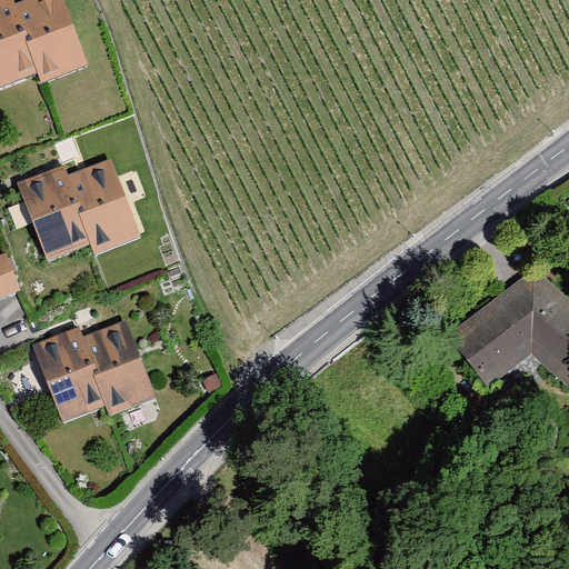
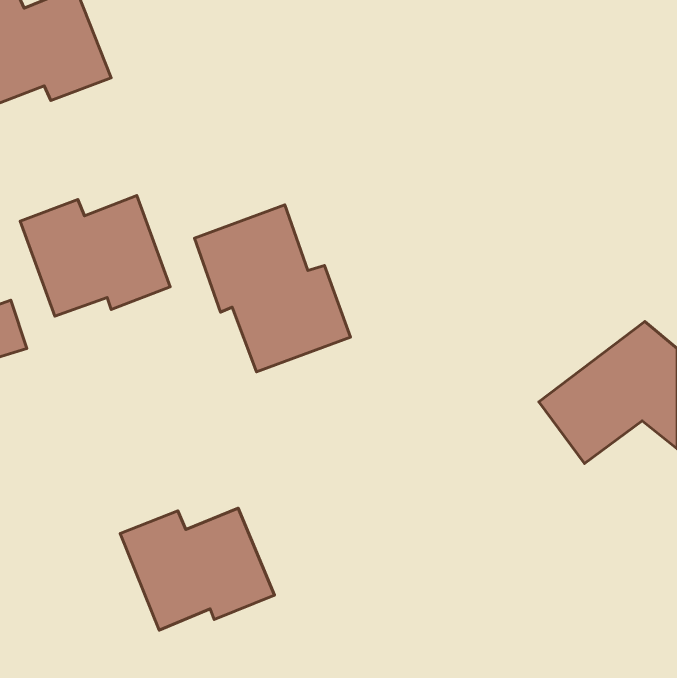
building: none -> [194,205,351,372]
building: [30,323,158,425] -> [120,508,274,630]

